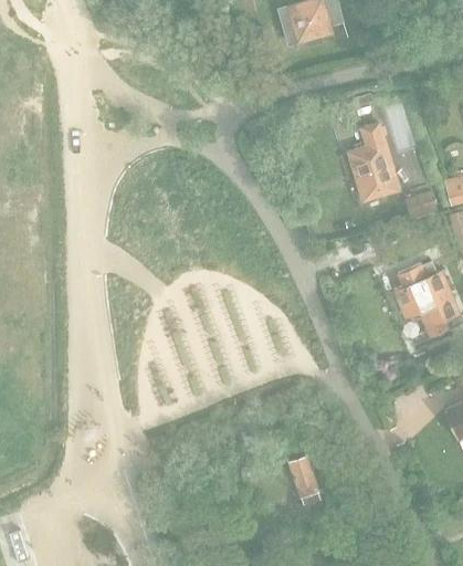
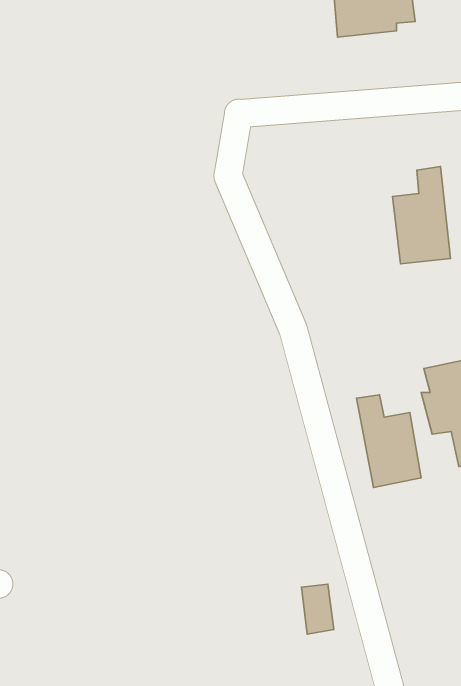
building: none -> [356,395,421,487]
building: [290,458,318,496] -> [301,584,334,634]

